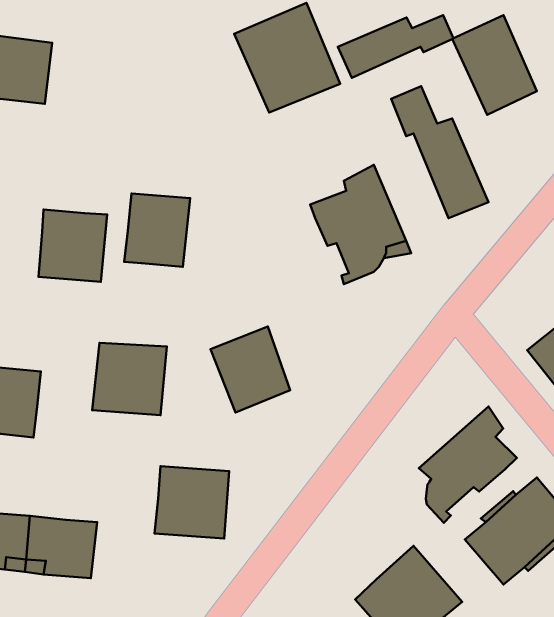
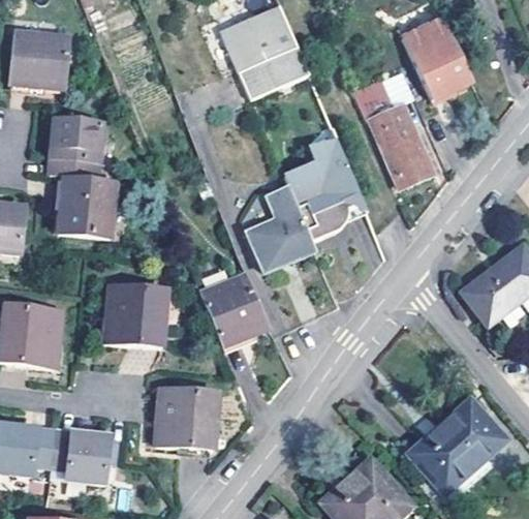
building: [338,15,453,78] -> none
building: [124,193,190,267] -> [49,119,103,180]
building: none -> [248,184,316,268]
building: [419,407,517,523] -> none

